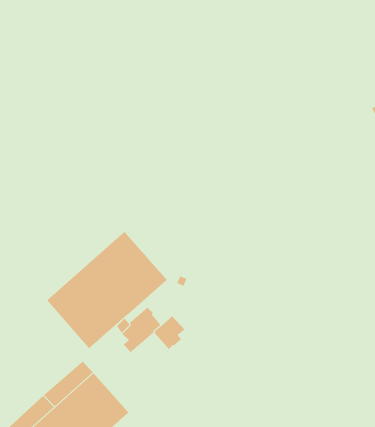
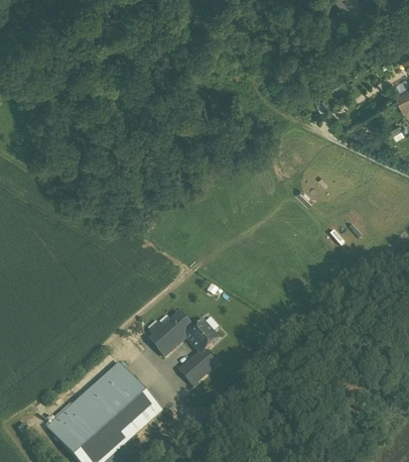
building: [46,231,167,349] -> none
building: none -> [178,348,216,384]

